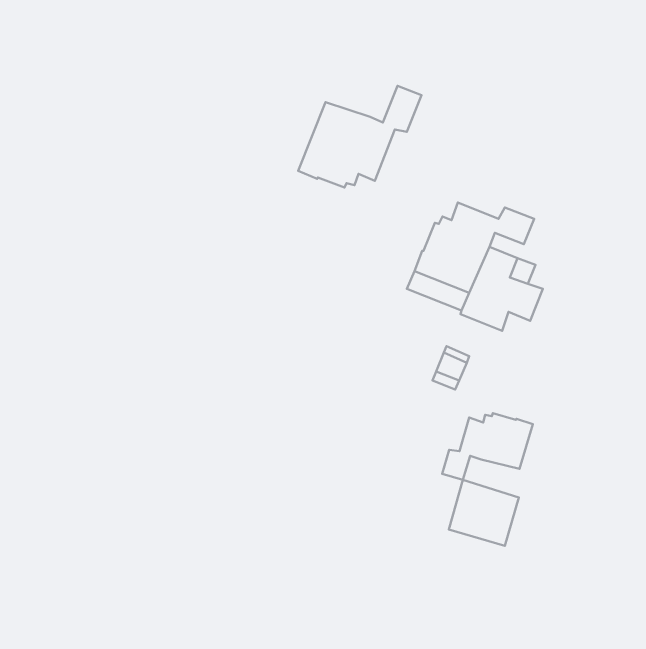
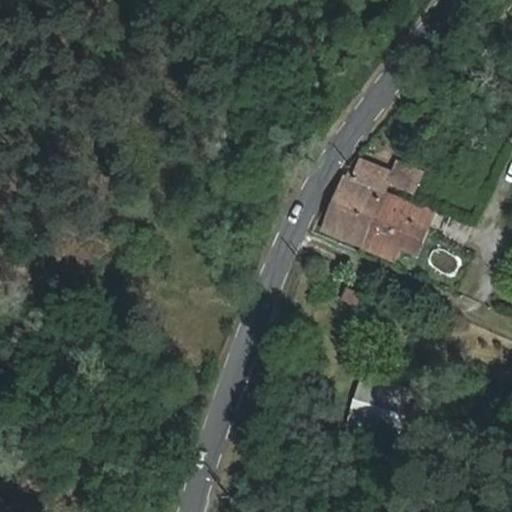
building: [298,86,422,188] -> none
building: [442,413,533,480] -> none

